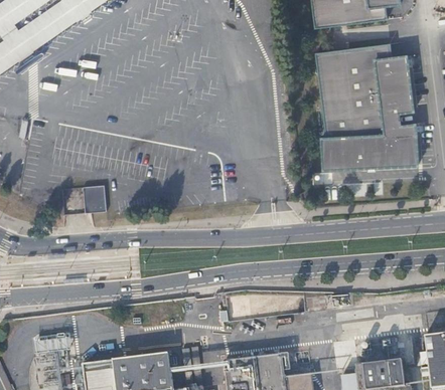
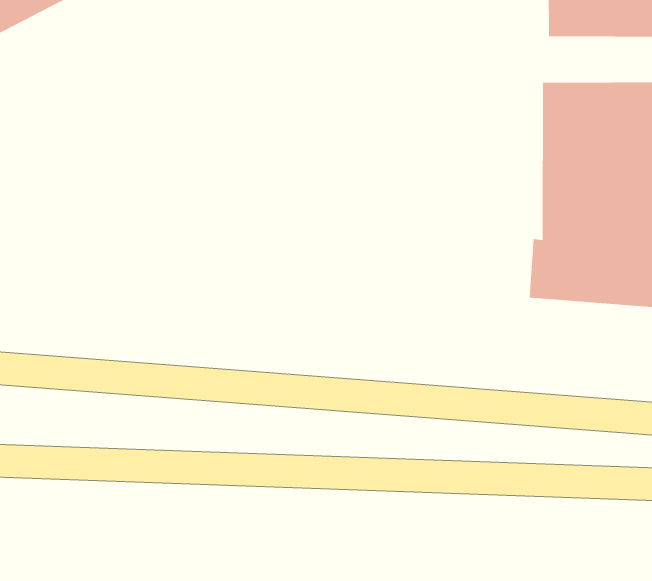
building: [83,184,106,210] -> none

